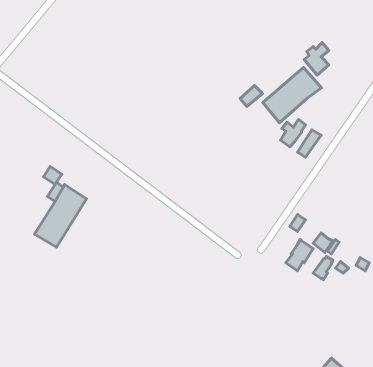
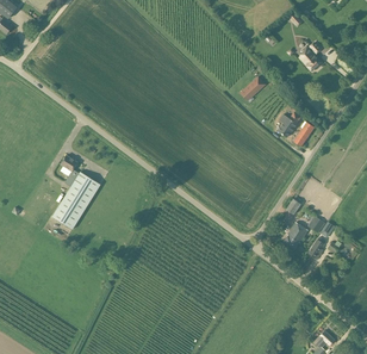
building: [263,68,321,123] -> none

